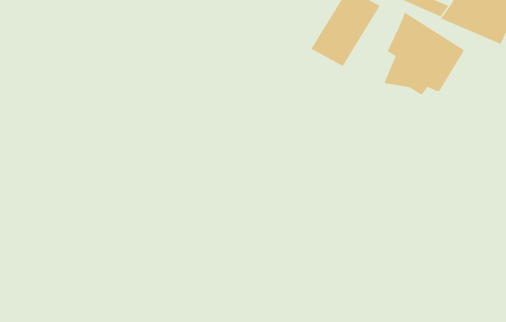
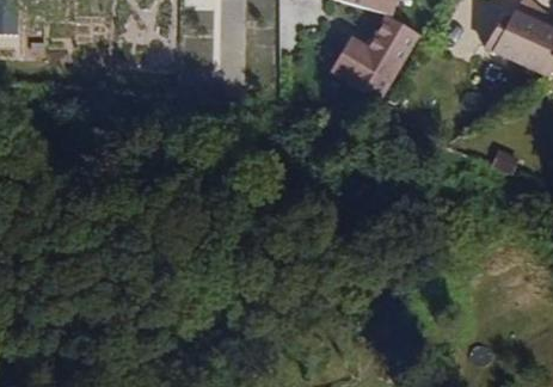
building: [384,11,465,95] -> none

